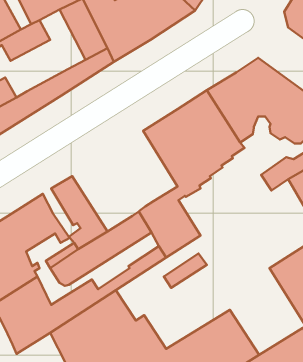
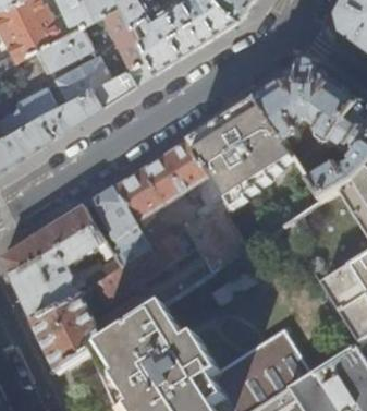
building: none -> [52,55,108,99]
building: none -> [112,141,222,245]

